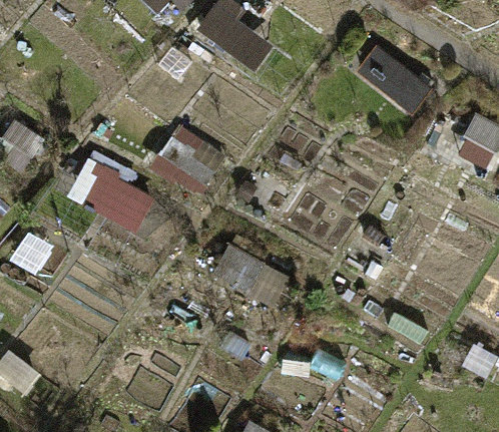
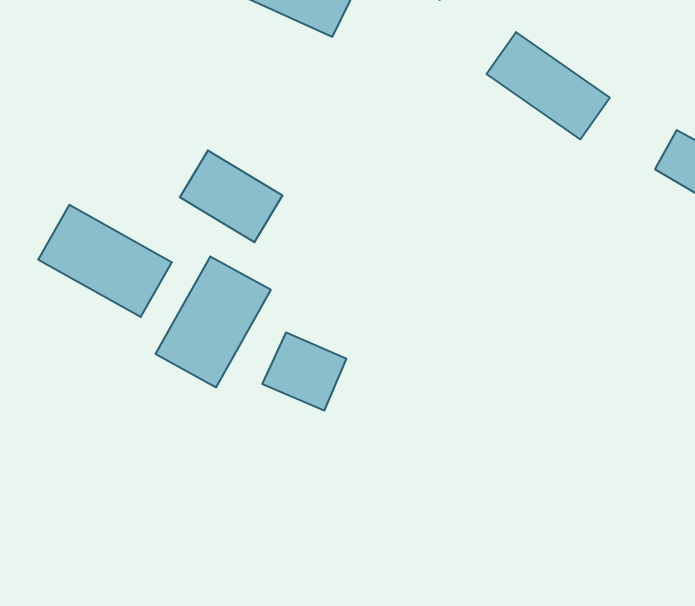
building: none -> [156,256,271,387]

